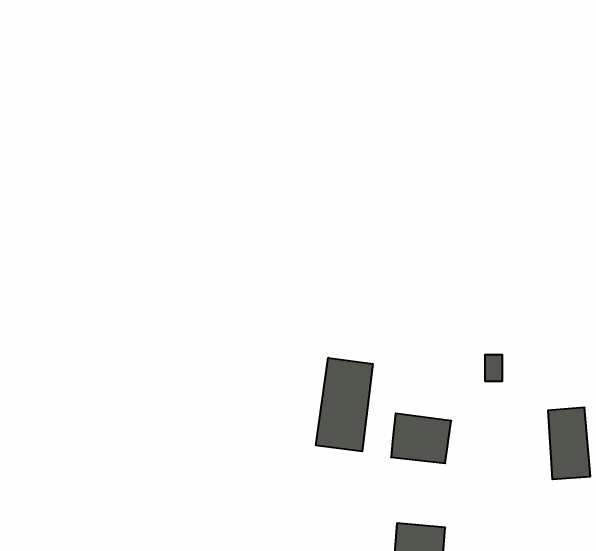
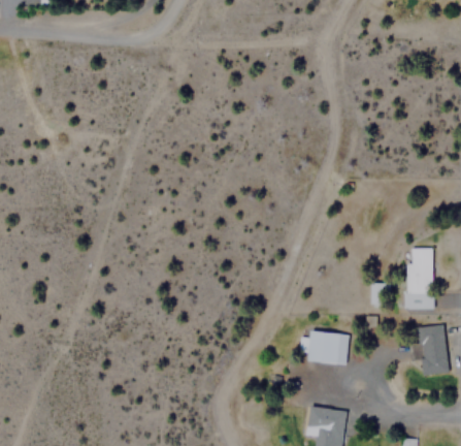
building: none -> [407,248,434,309]
building: [316,358,373,451] -> none

